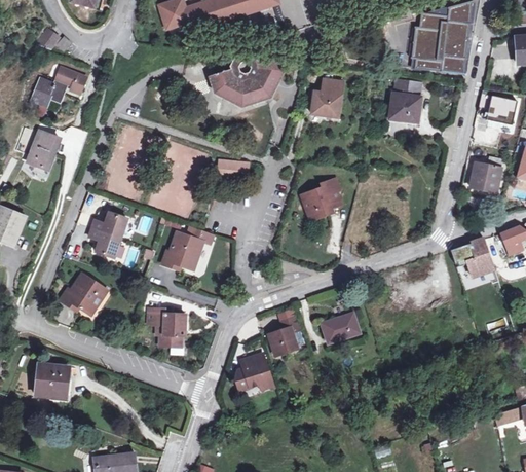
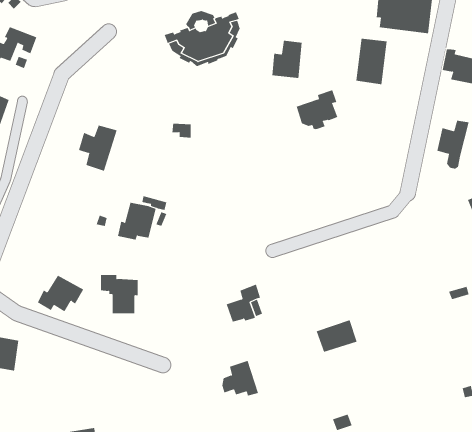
building: [301,180,342,219] -> [296,89,338,130]
building: [84,210,122,255] -> [78,125,117,172]
building: [462,238,494,275] -> none
building: [59,273,104,308] -> [37,275,84,312]
building: [320,313,360,344] -> [316,319,357,352]
building: [235,353,271,388] -> [222,360,259,396]

